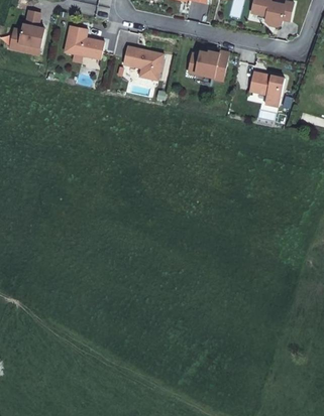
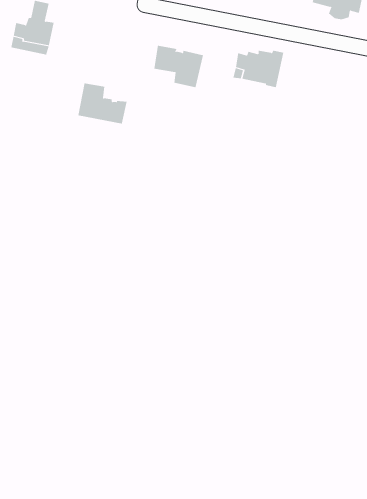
building: [65,26,105,59] -> [77,83,128,124]
building: [249,72,285,107] -> none

